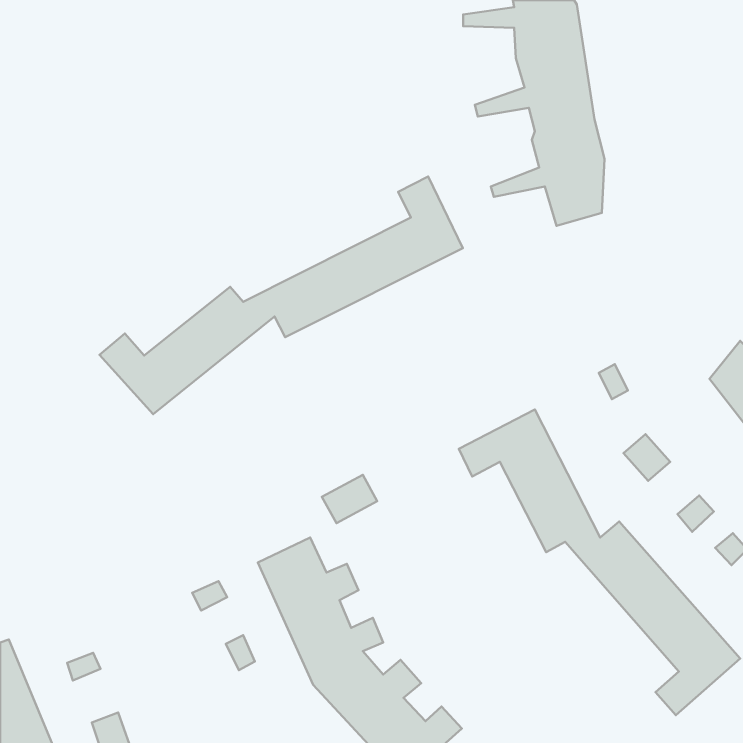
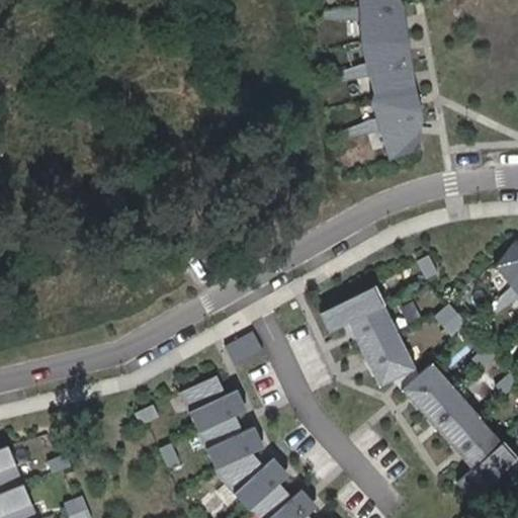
building: [100,177,463,414] -> none

